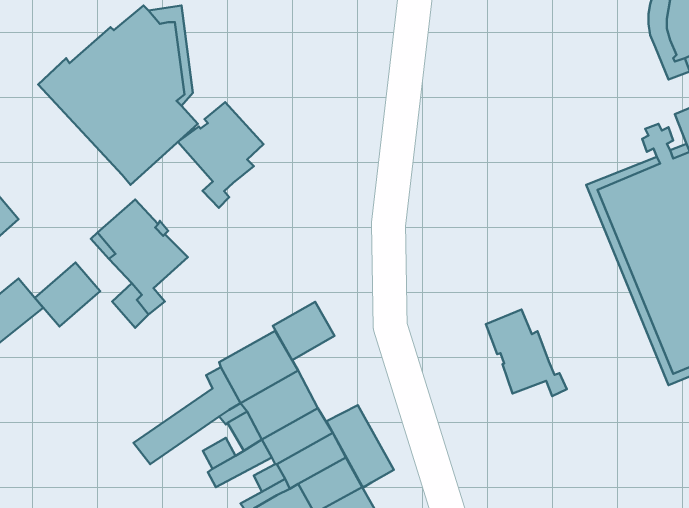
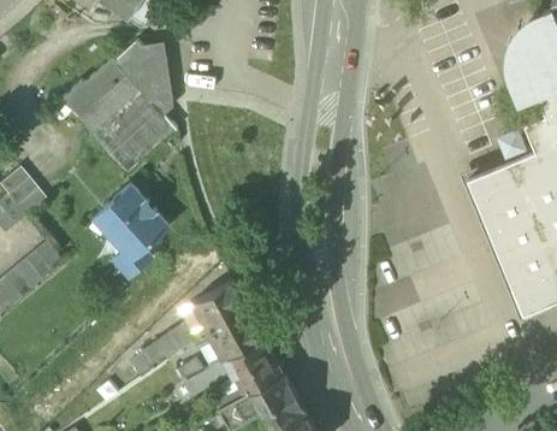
building: [178,102,263,208] -> none
building: [35,263,100,327] -> none
building: [273,302,335,360] -> none
building: [486,310,567,396] -> none
building: [326,405,394,487] -> none

